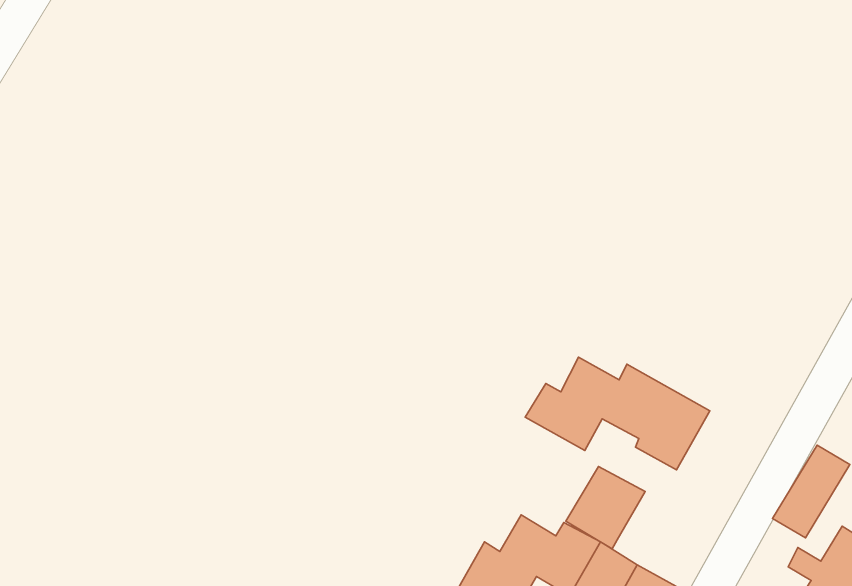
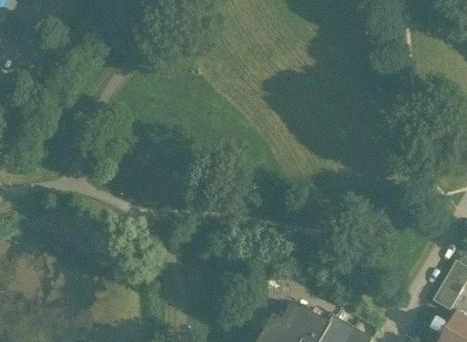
building: [525,357,710,470] -> none
building: [566,466,645,549] -> none

